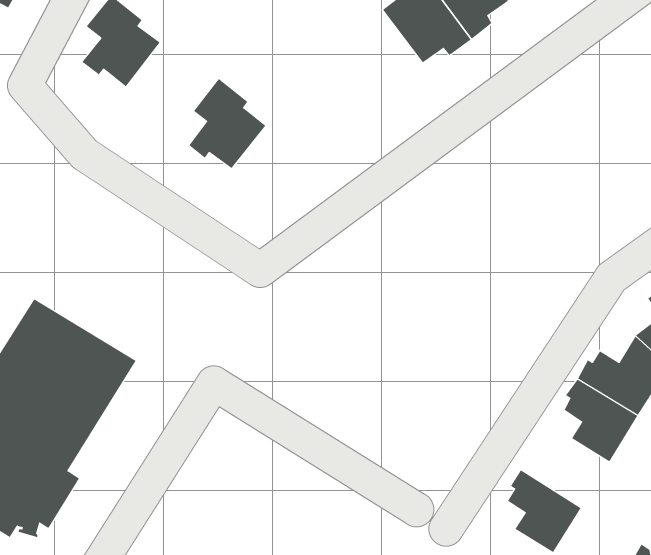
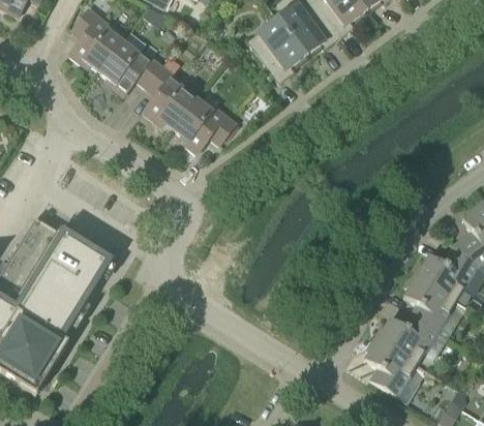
building: none -> [246,18,305,83]
building: none -> [99,30,163,96]
building: none -> [173,98,237,153]
building: none -> [373,315,435,364]

